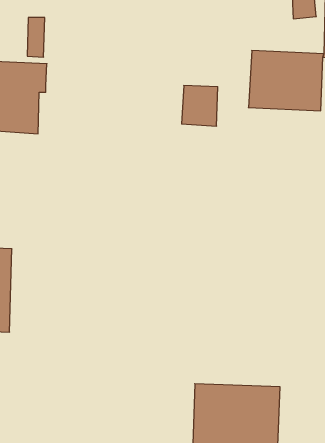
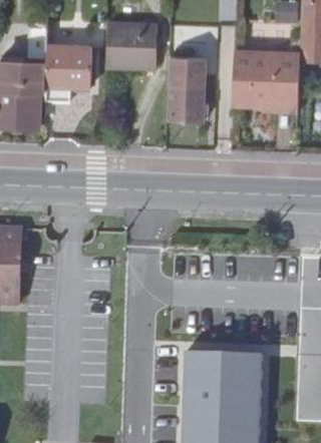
building: none -> [108,21,158,67]
building: none -> [48,42,94,83]
building: none -> [170,55,207,84]

